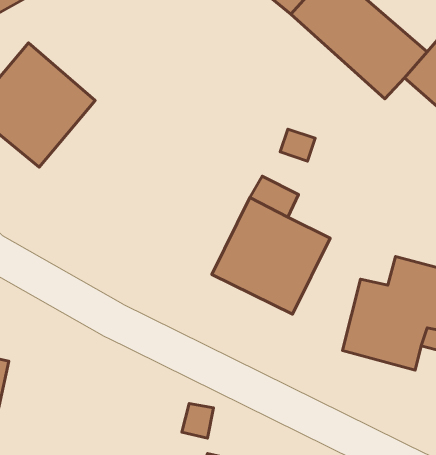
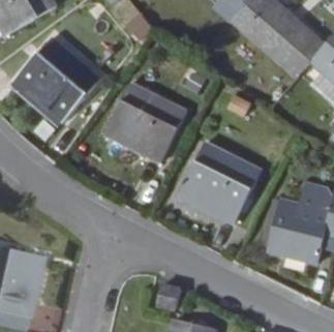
building: none -> [105,85,185,162]

